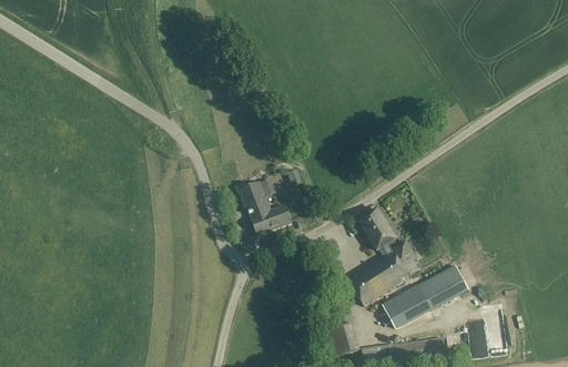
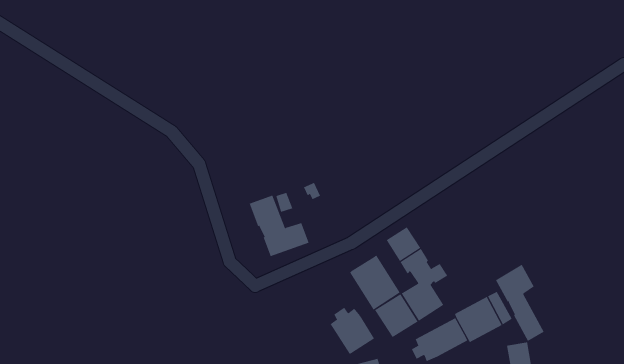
building: none -> [349,255,401,310]
building: none -> [495,264,544,342]
building: none -> [330,307,375,354]

